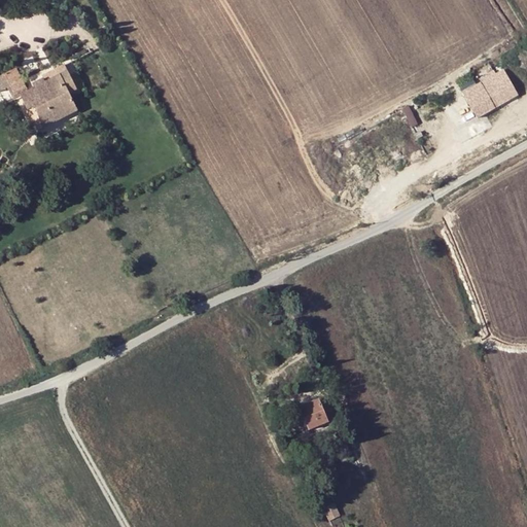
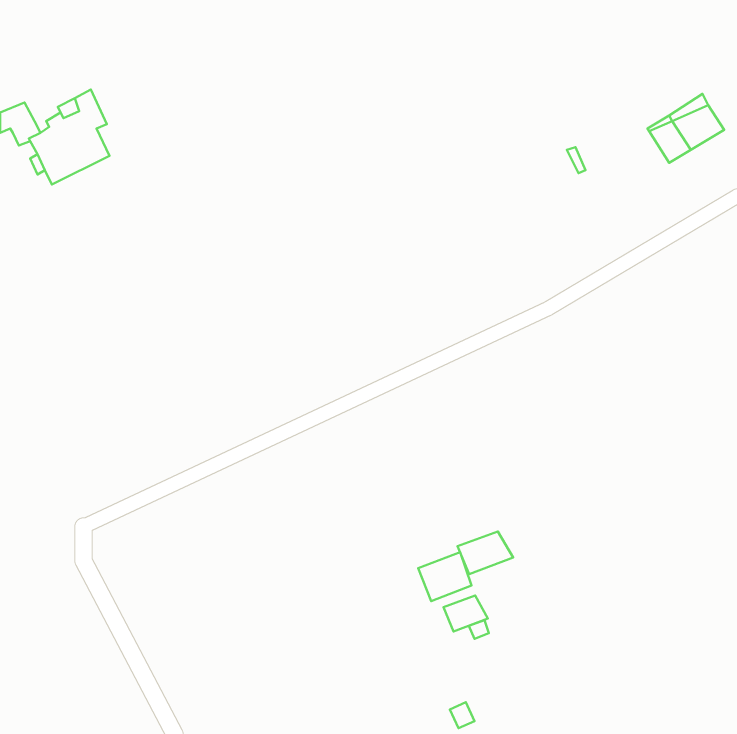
building: none -> [458,531,513,574]
building: none -> [443,596,488,632]

